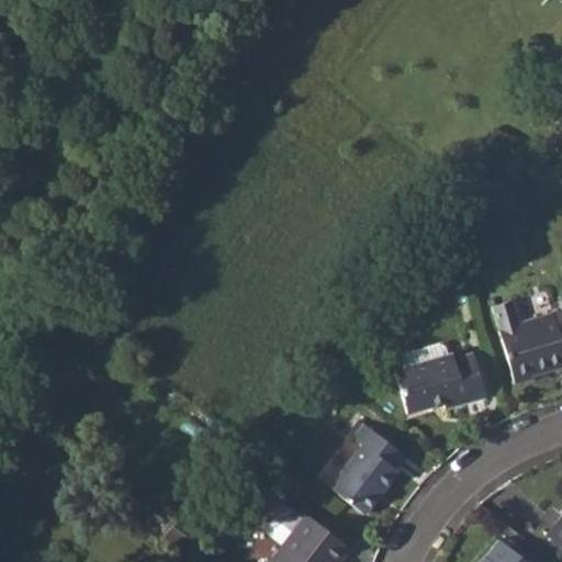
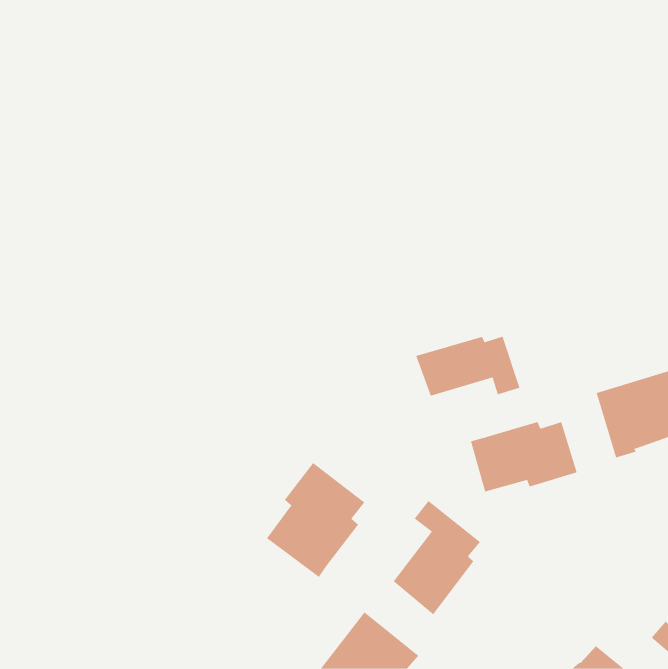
building: none -> [416,336,520,397]
building: none -> [266,462,365,578]

